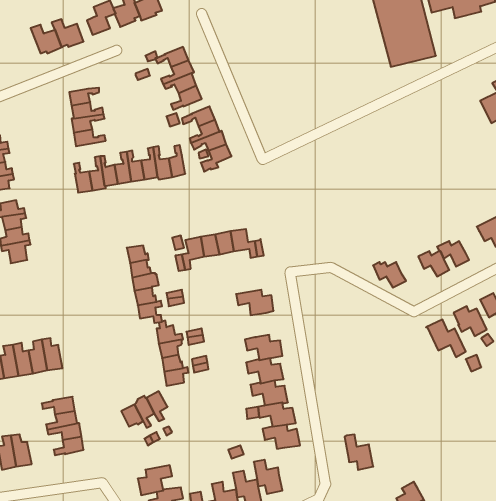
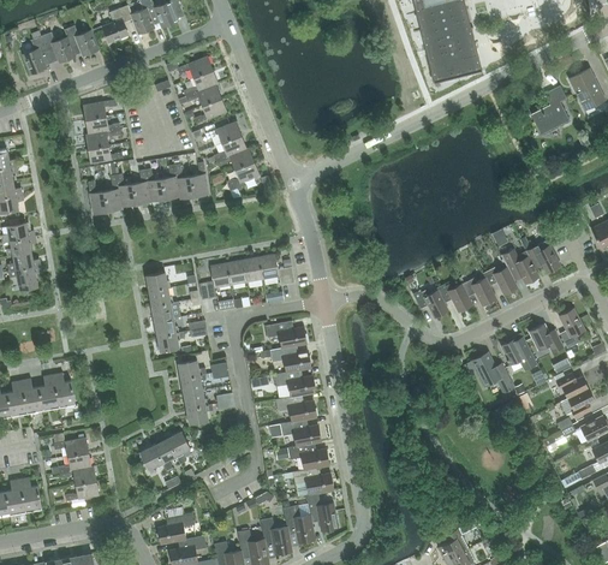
building: none -> [23,35,52,73]
building: none -> [501,248,540,284]
building: none -> [437,284,472,311]
building: none -> [261,345,310,371]
building: [345,435,373,470] -> [306,492,338,530]

